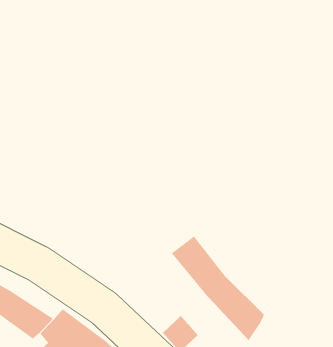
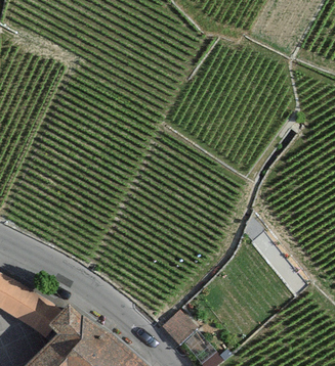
building: [171,235,265,341] -> none

